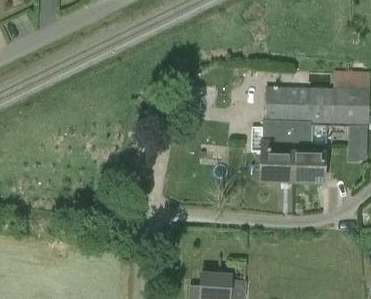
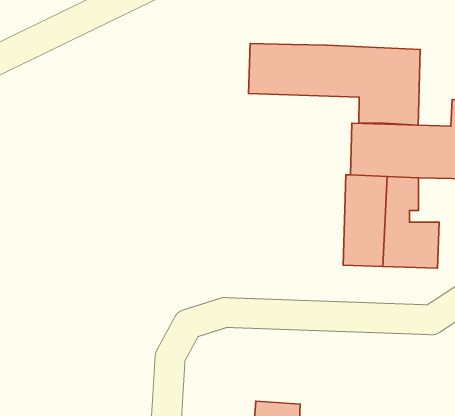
building: none -> [248,43,420,125]

